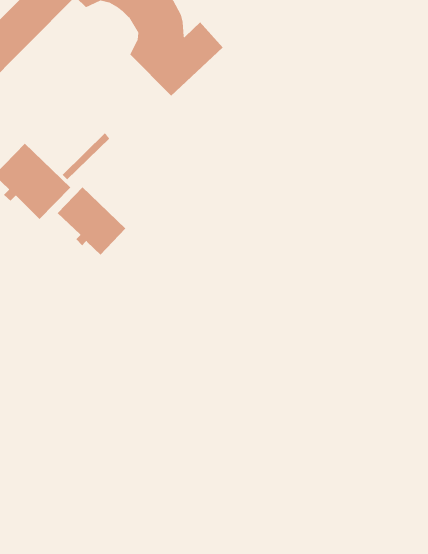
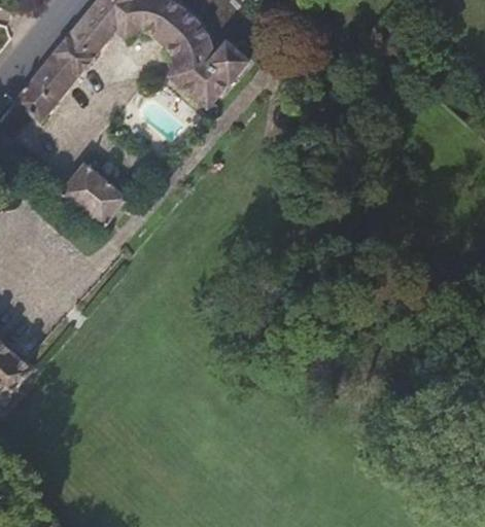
building: [57,186,126,255] -> none

